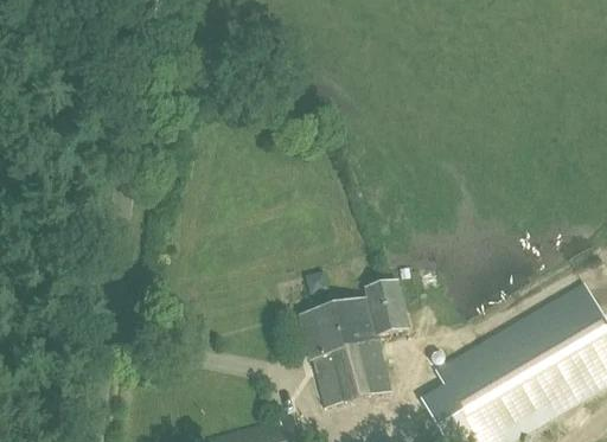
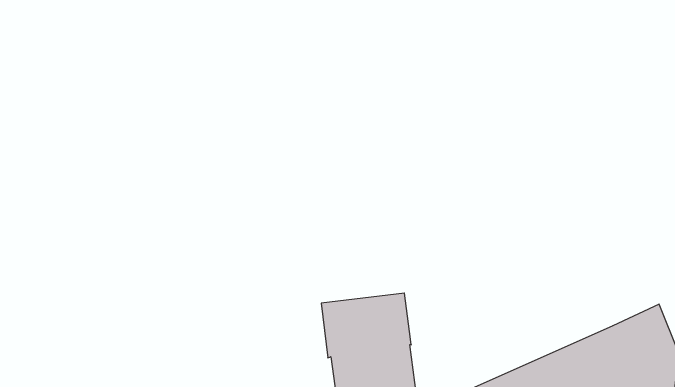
building: [365,277,408,334] -> none

